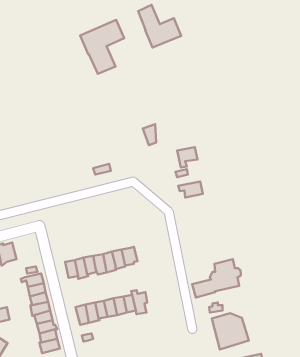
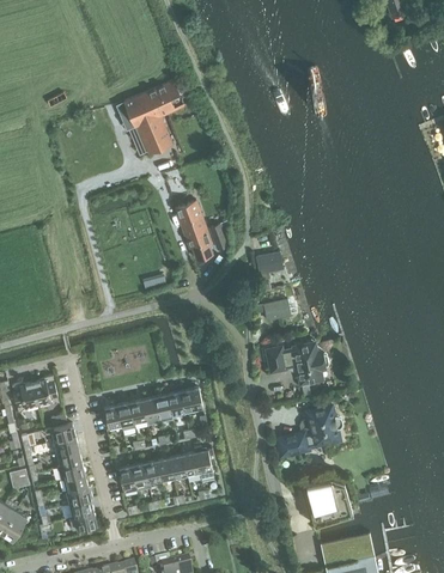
building: [138,5,181,48] -> none
building: none -> [175,201,212,261]
building: none -> [266,345,329,384]
building: none -> [32,376,60,406]

